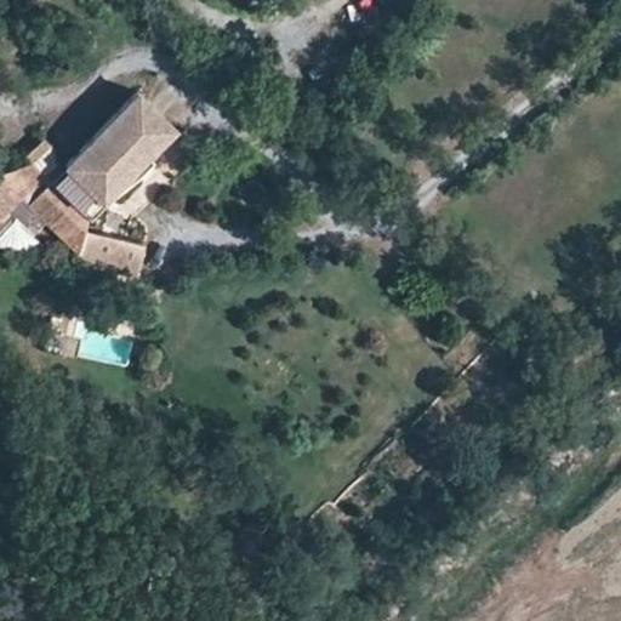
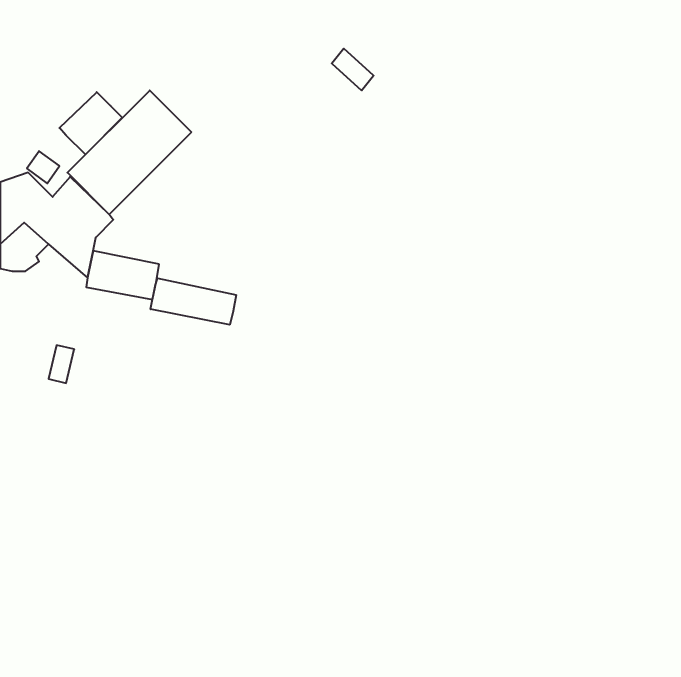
building: none -> [59,92,122,155]
building: none -> [151,278,236,325]

